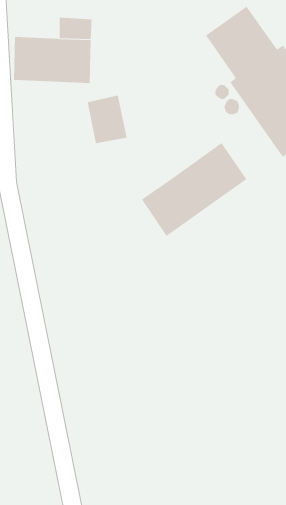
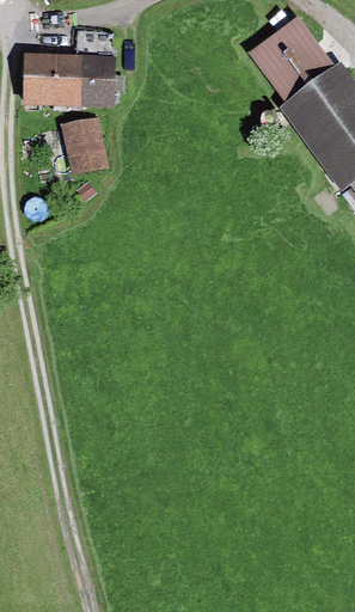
building: [87,95,128,144] -> [61,115,109,172]
building: [141,142,247,237] -> none

